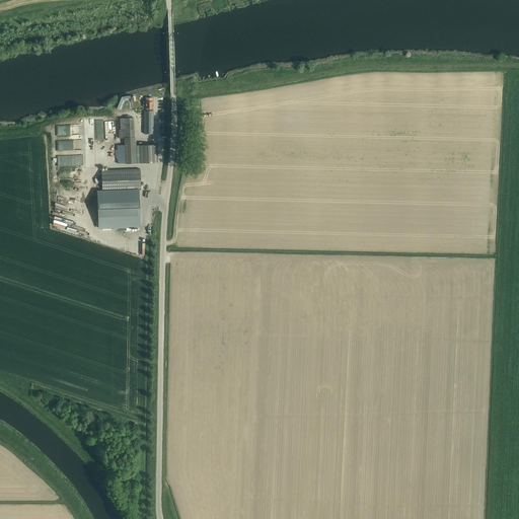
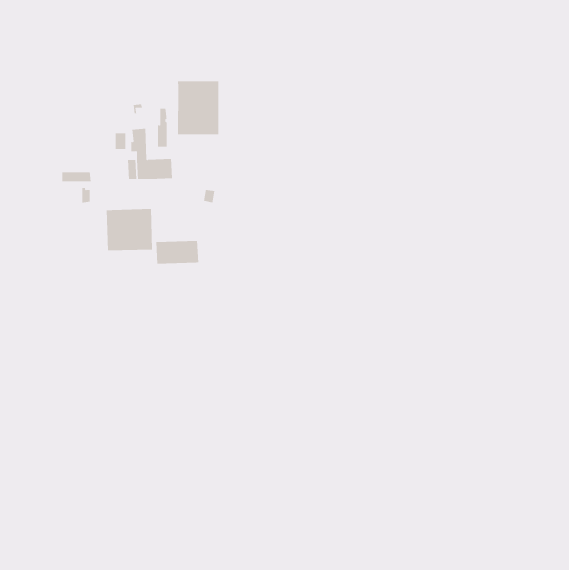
building: none -> [178,81,219,135]
building: [100,169,140,191] -> [156,241,199,264]

